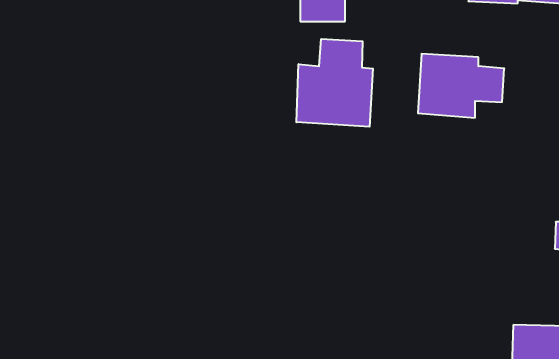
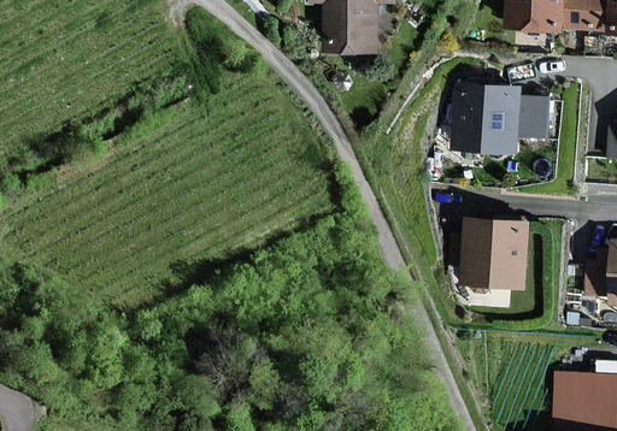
building: [296,39,373,127] -> none
building: none -> [453,220,528,287]

